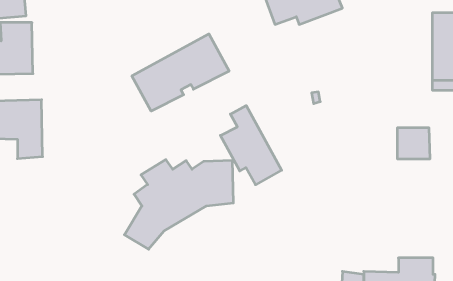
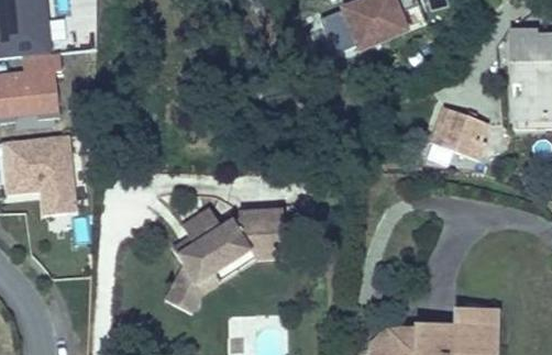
building: [132,34,229,111] -> none
building: [220,106,282,185] -> none
building: [397,128,430,159] -> [451,124,488,159]

